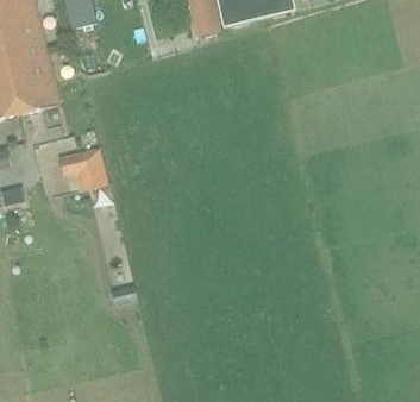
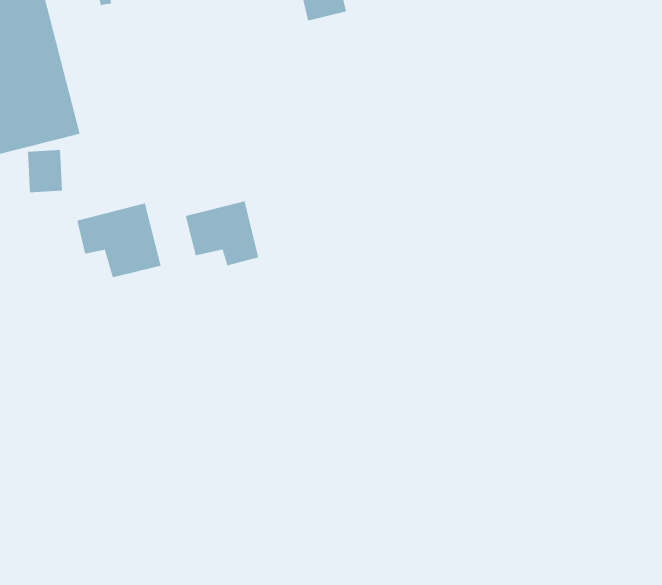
building: none -> [185,200,259,266]

